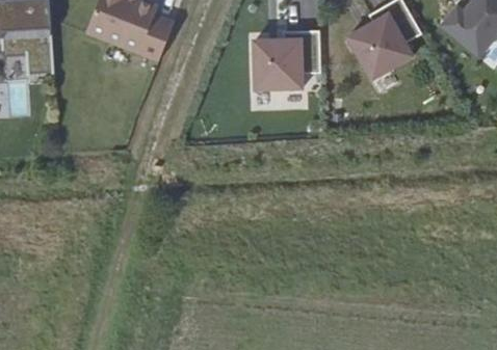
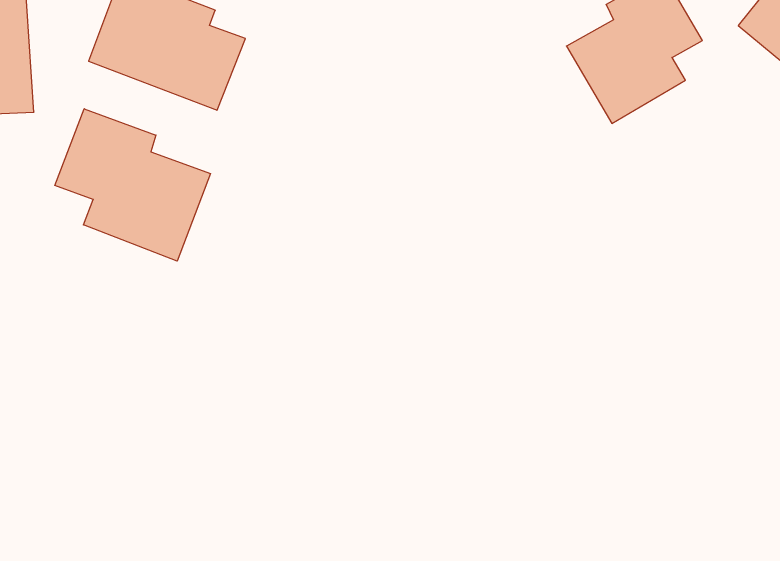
building: [254,30,320,90] -> none
building: none -> [55,109,211,261]

